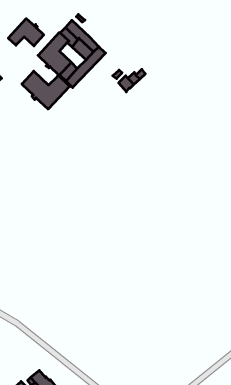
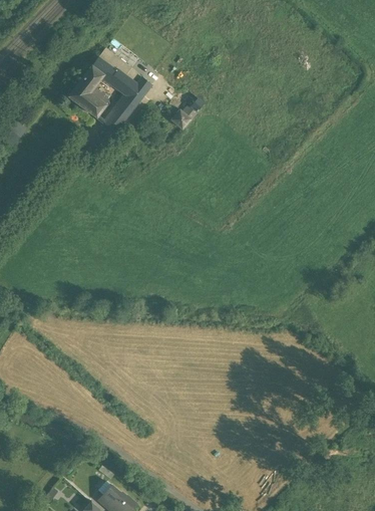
building: [8,19,44,46] -> none
building: [22,71,70,109] -> none

